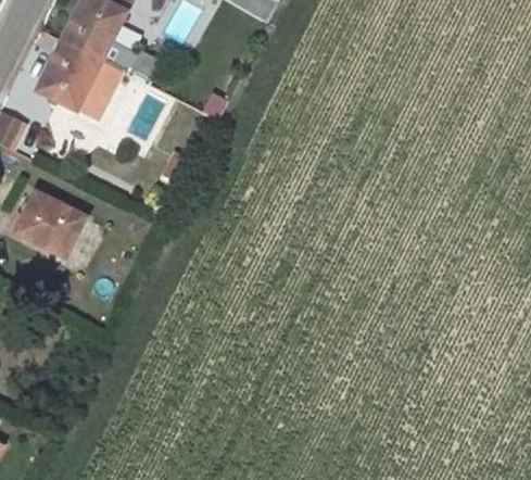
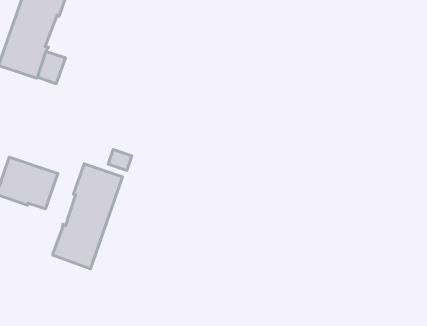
building: none -> [53,164,122,269]

